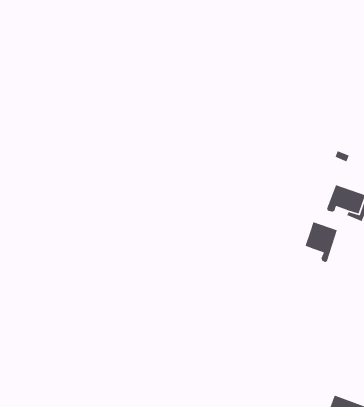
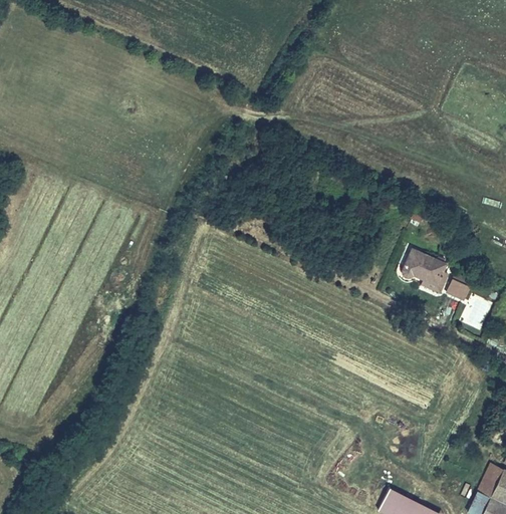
building: [304,221,338,263] -> none

